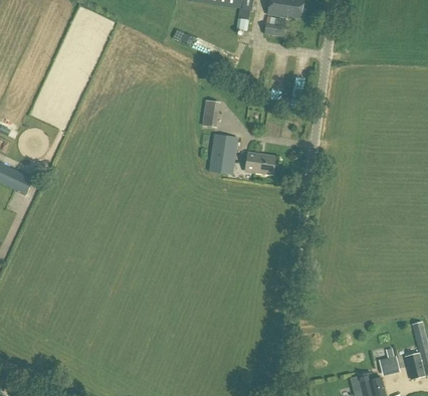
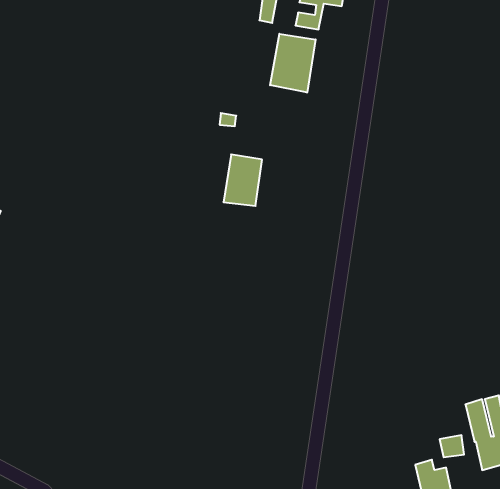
building: none -> [270,34,316,93]
building: [245,153,275,175] -> none

